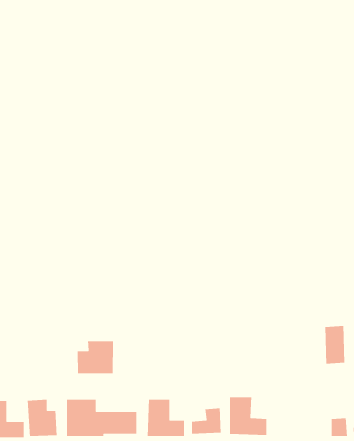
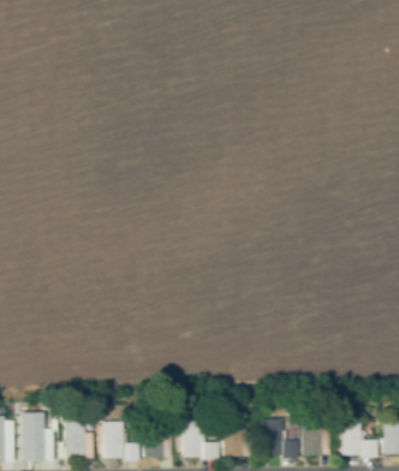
building: [324,325,345,364] -> [339,418,359,457]
building: [77,341,114,374] -> none
building: none -> [300,418,329,455]

